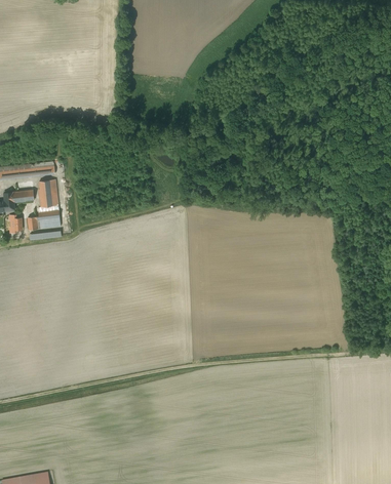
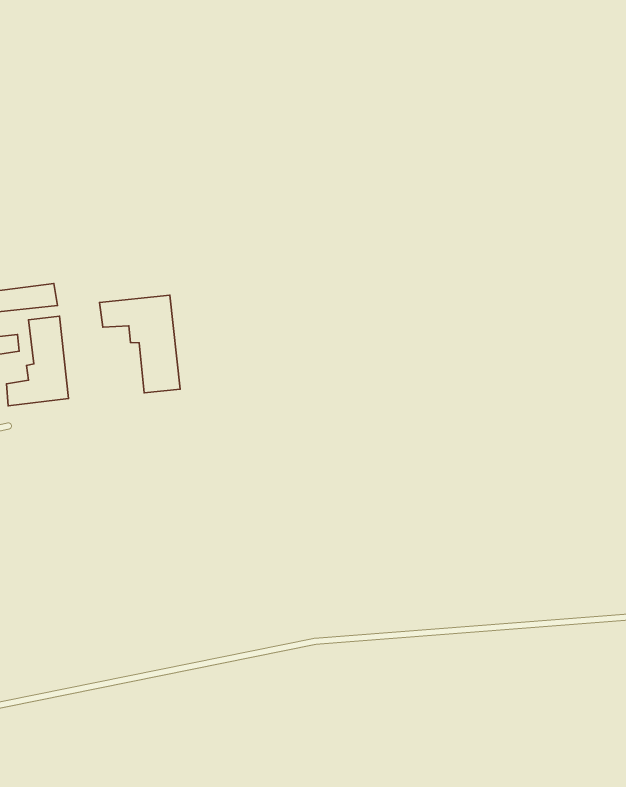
building: none -> [99,295,180,393]

